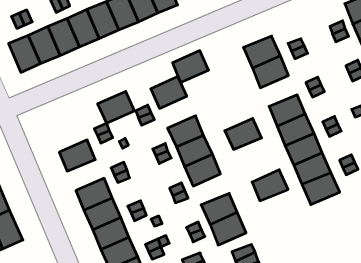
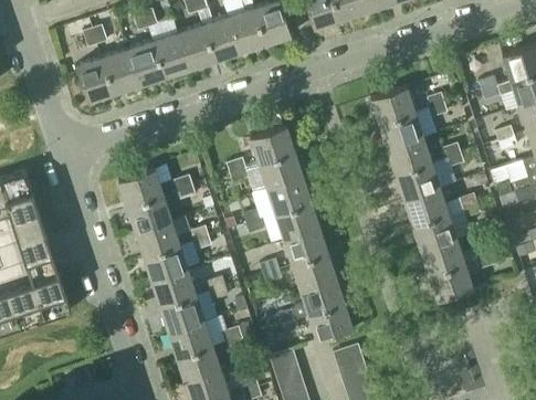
building: [173,51,209,82] -> [258,151,302,189]
building: [98,91,135,123] -> [118,169,164,207]
building: [225,118,262,149] -> [386,137,431,173]
building: none -> [135,220,180,256]
building: [252,170,288,201] -> [291,252,335,288]

